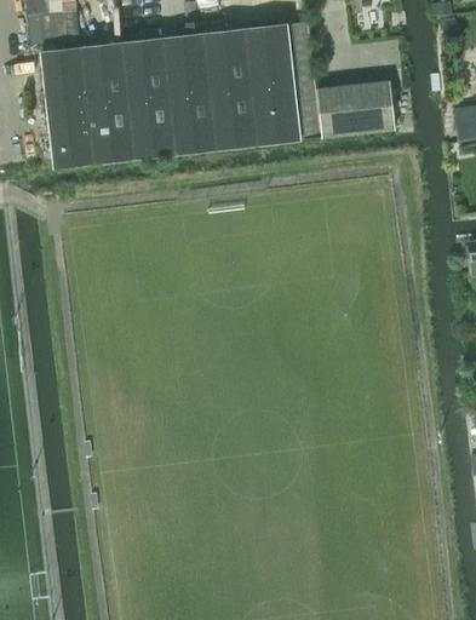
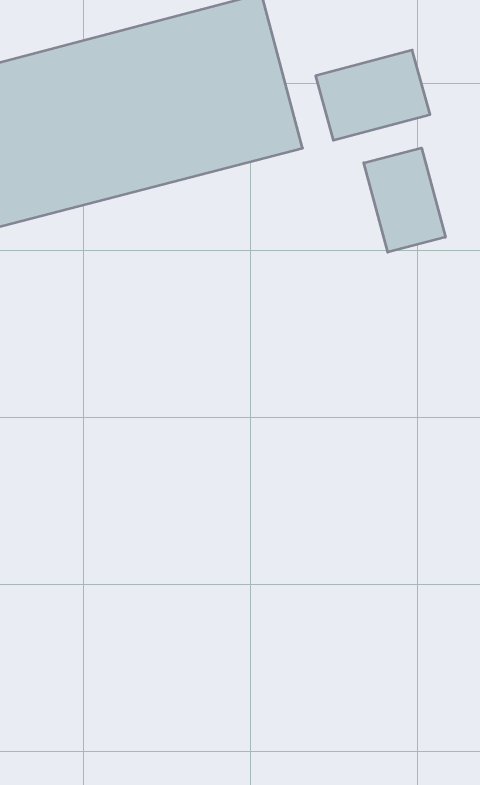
building: none -> [364,148,445,252]

